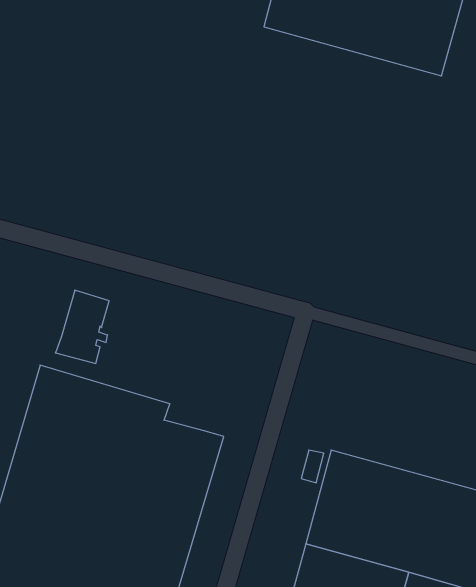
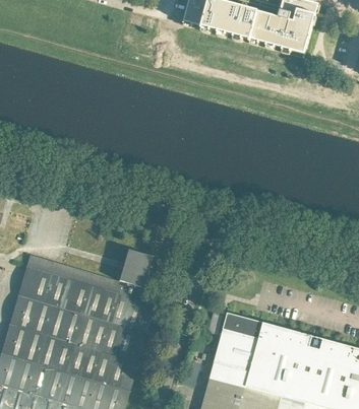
building: [55,290,109,363] -> [115,250,152,299]

